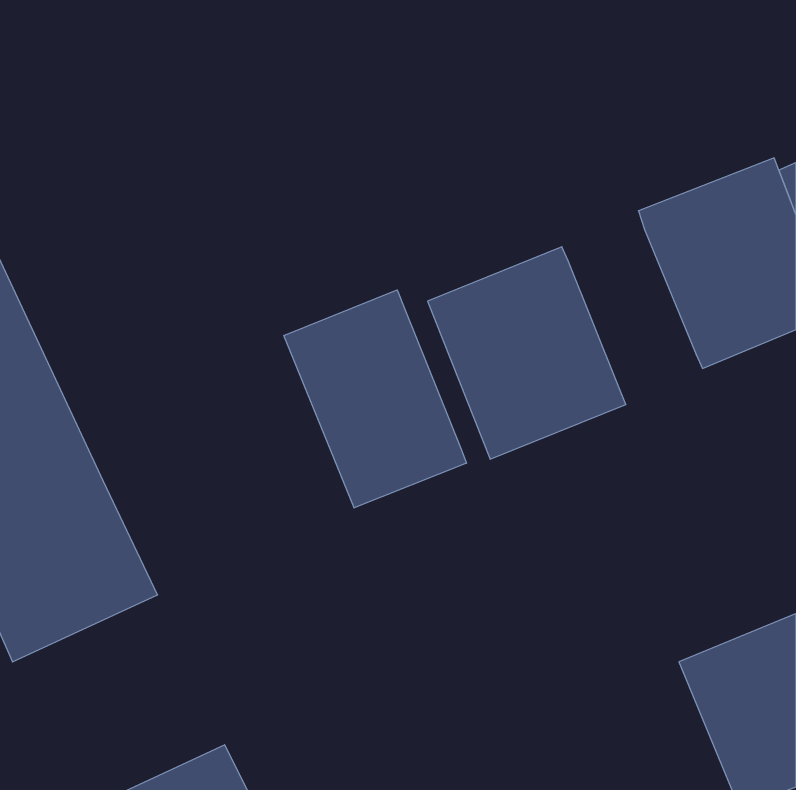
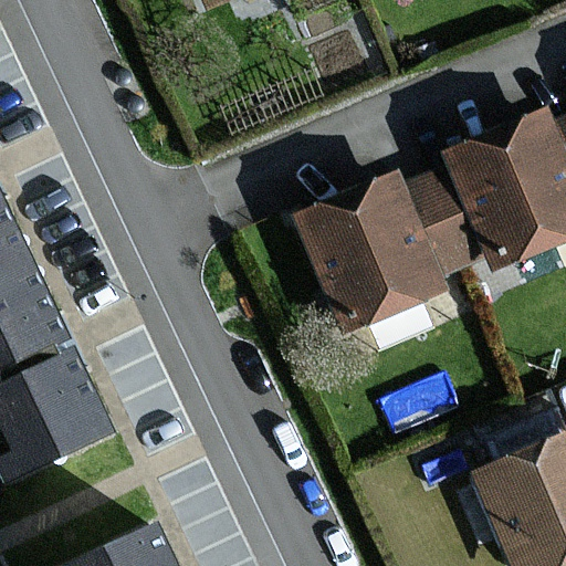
building: none -> [402,168,493,279]
building: [284,290,466,508] -> none

